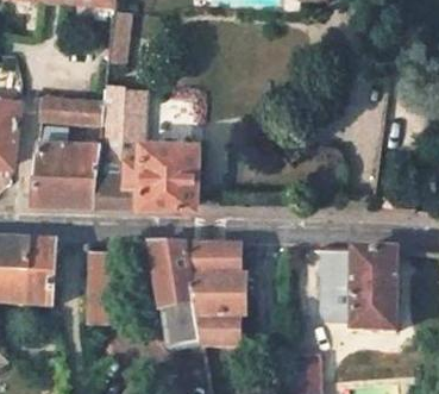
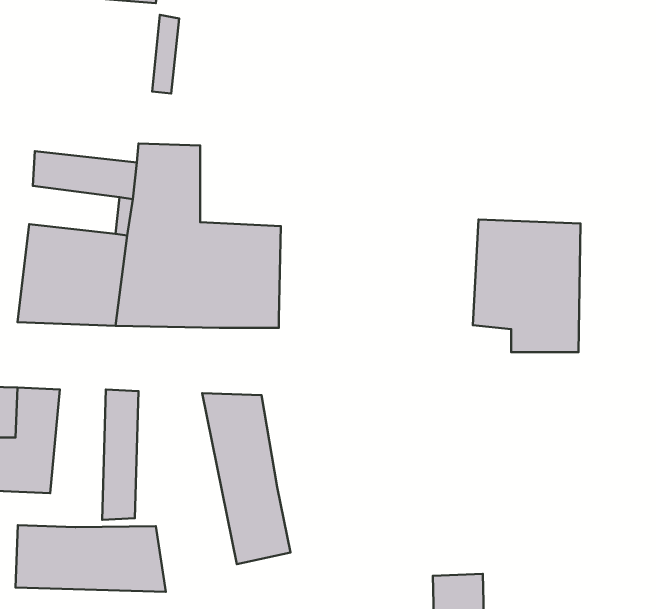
building: [183,246,244,348] -> none
building: [330,250,396,332] -> [473,220,580,352]
building: none -> [16,525,166,592]

